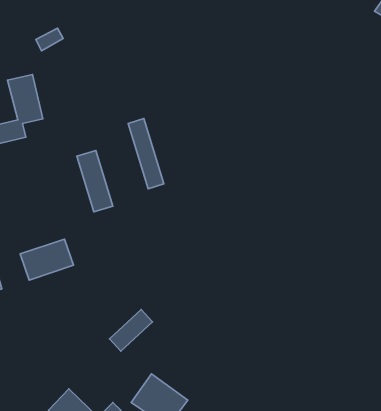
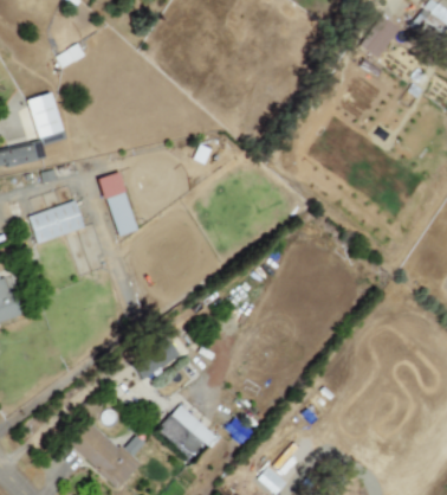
building: [128,119,164,189] -> none
building: [20,239,73,280] -> [28,200,84,243]

